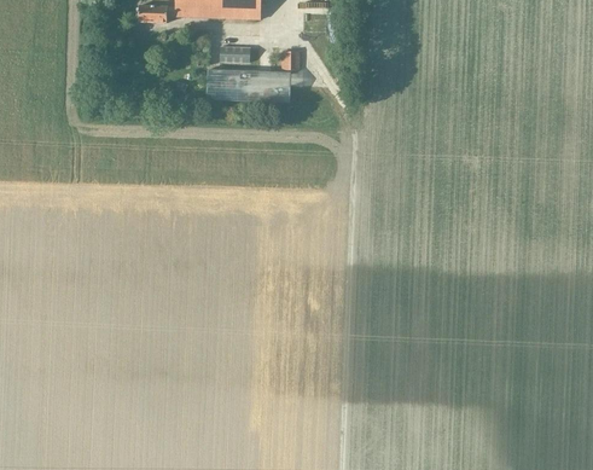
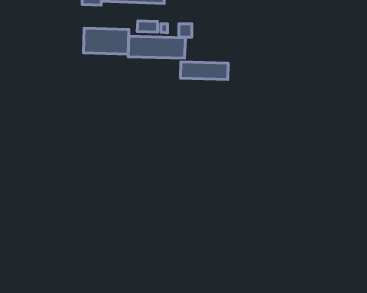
building: none -> [84,28,129,54]
building: none -> [180,62,228,80]

